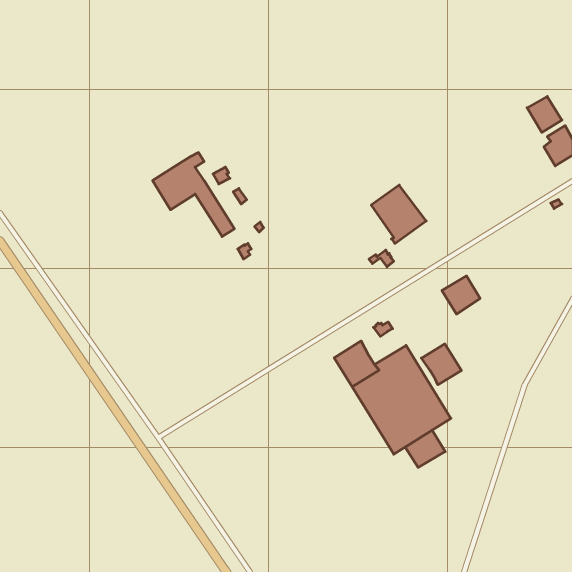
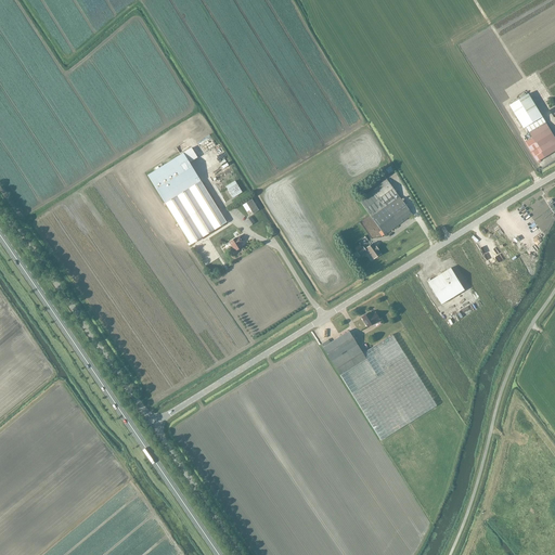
building: none -> [166,188,216,244]
building: [421,344,461,385] -> none
building: [405,430,445,467] -> none

